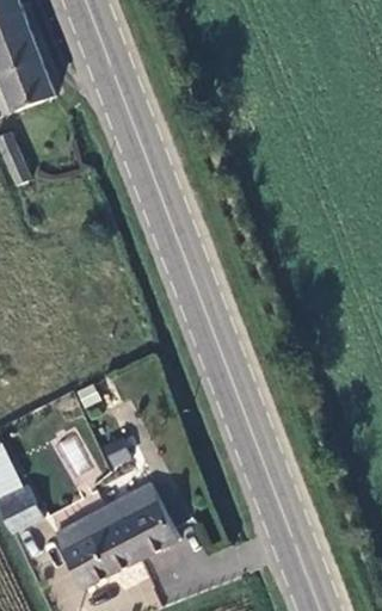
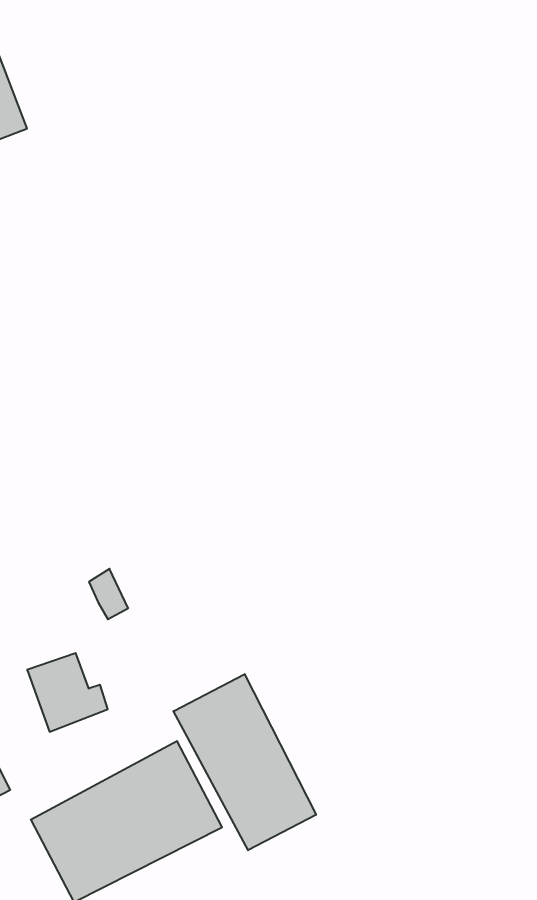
building: none -> [173,674,316,850]

